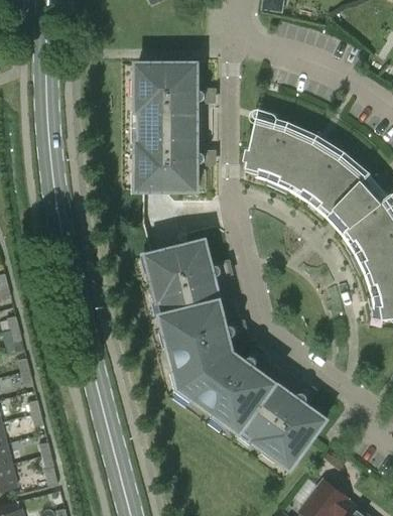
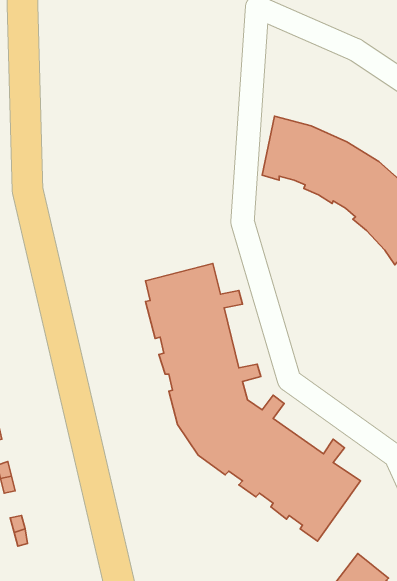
building: [136,63,212,189] -> none

